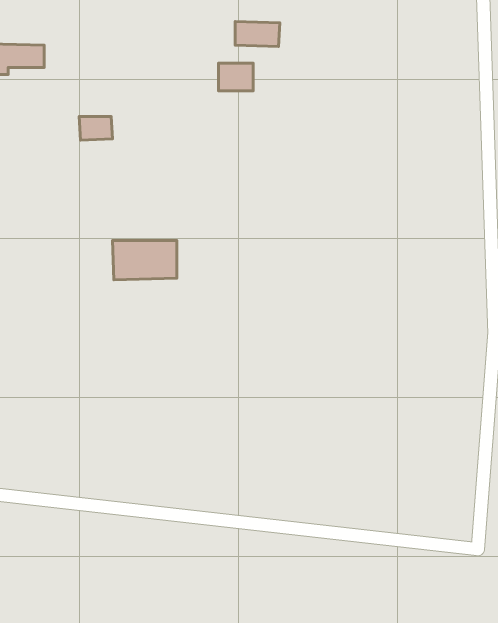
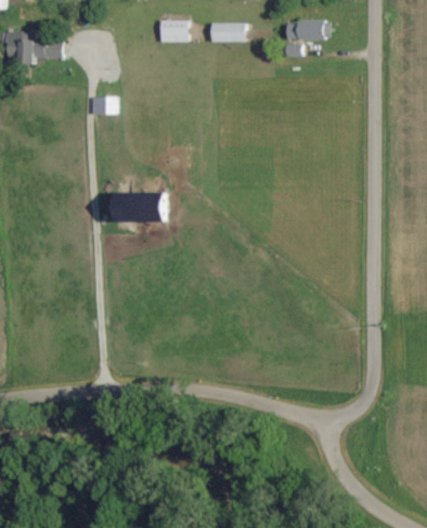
building: none -> [286,21,329,39]
building: [218,63,253,91] -> [159,20,186,41]

